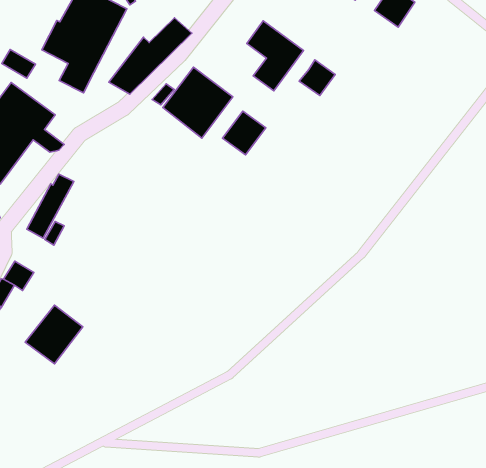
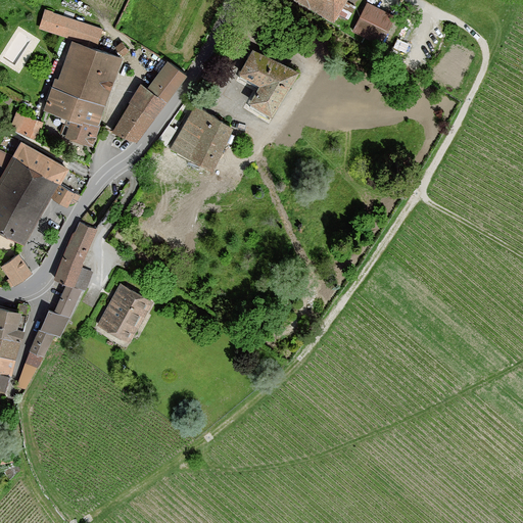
building: [299,60,335,96] -> none
building: [222,111,266,155] -> none
building: none -> [55,286,79,317]
building: [25,305,83,364] -> [96,284,148,339]

